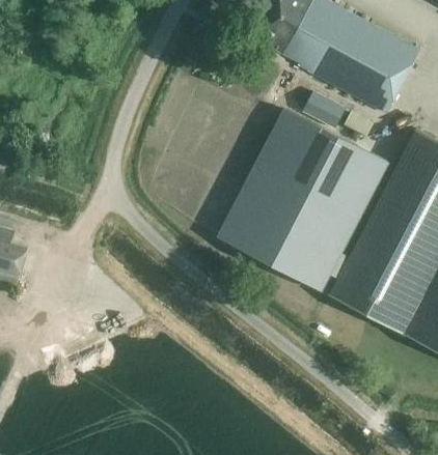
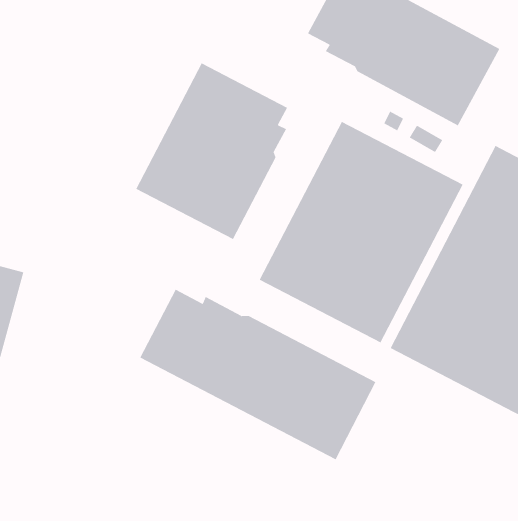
building: none -> [135,63,288,240]
building: none -> [139,289,376,460]

